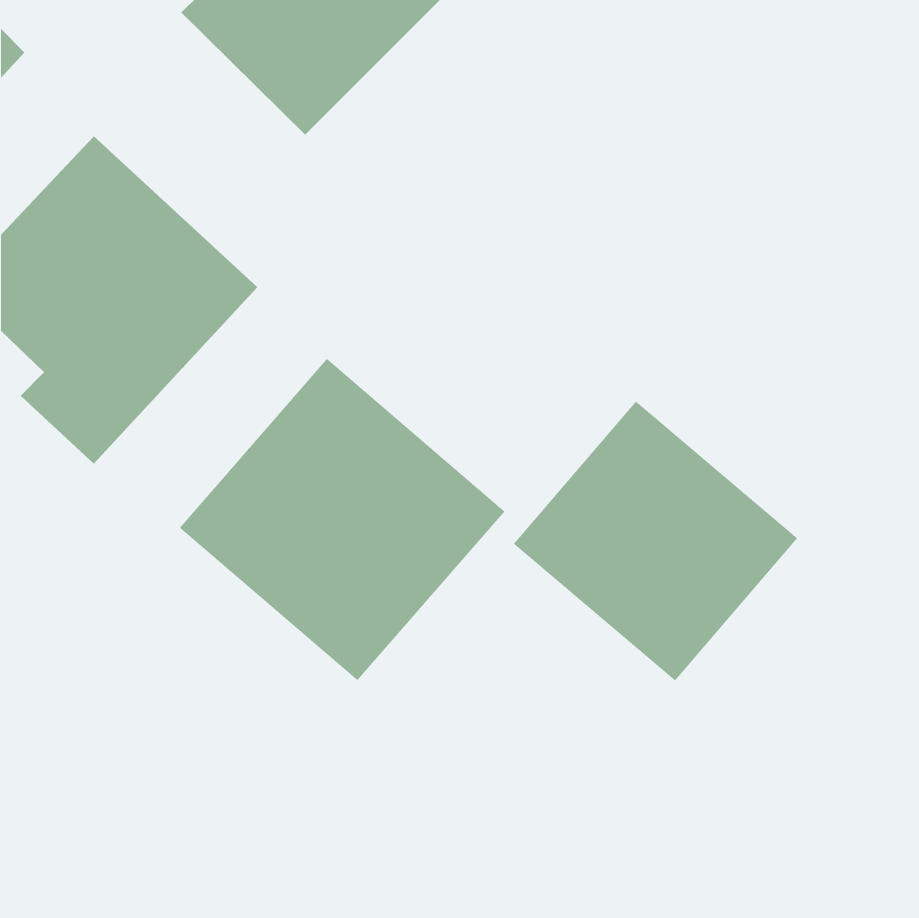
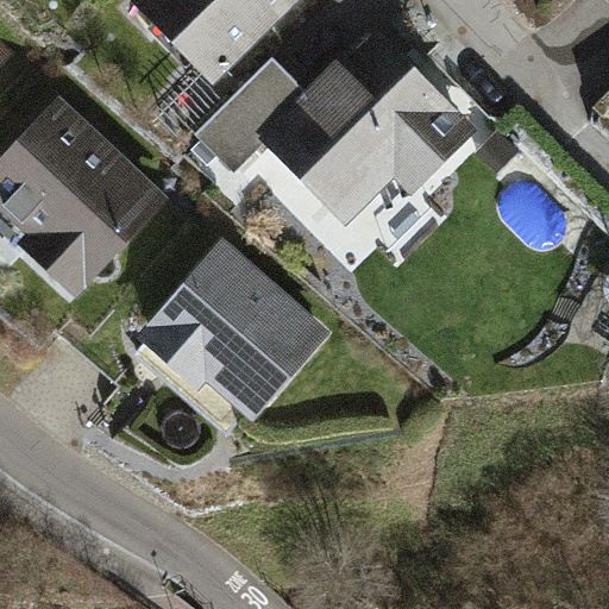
building: none -> [196,19,479,226]
building: [513,400,798,681] -> none

